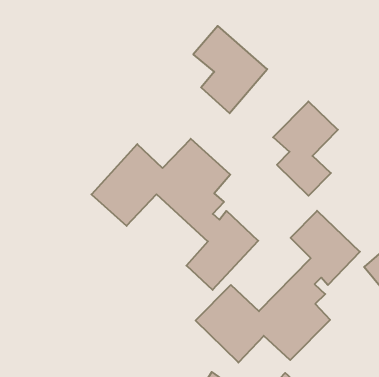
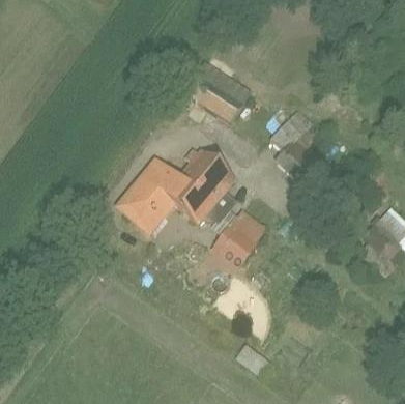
building: [196,211,360,363] -> none

